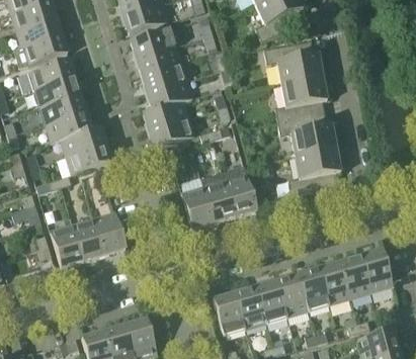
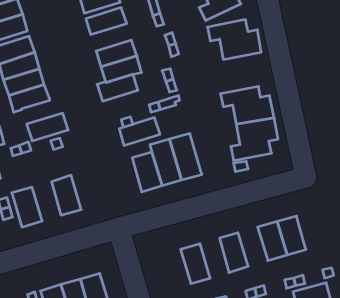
building: [136,46,180,76] -> none
building: [274,77,327,122] -> none
building: [149,118,193,149] -> [119,118,160,145]
building: [61,125,105,156] -> none
building: [72,218,103,261] -> none
building: [360,250,393,292] -> none
building: [297,268,329,310] -> none
building: [255,280,286,324] -> none
building: [213,292,245,336] -> none

